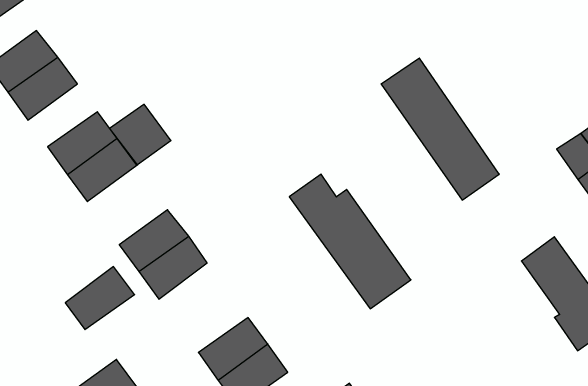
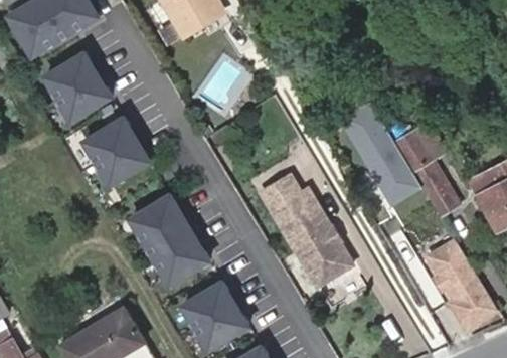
building: none -> [395,131,458,215]
building: [109,104,171,165] -> none
building: [65,267,135,330] -> [158,239,210,285]

